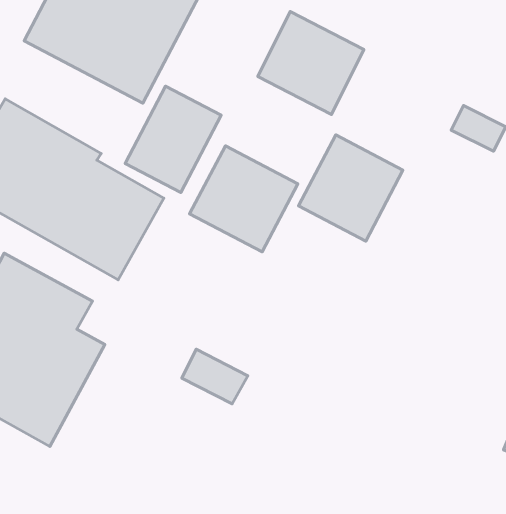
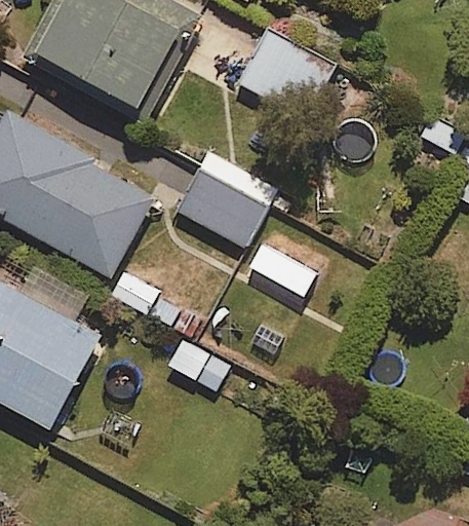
building: [125,86,221,192] -> none
building: [299,135,403,241] -> none

